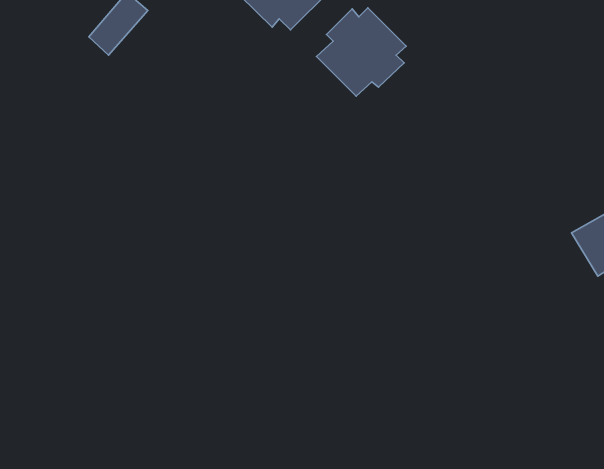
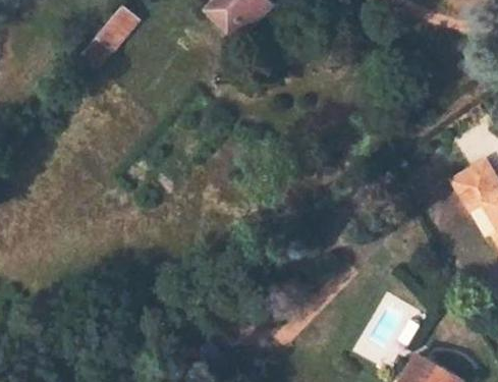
building: [316,8,406,96] -> none

